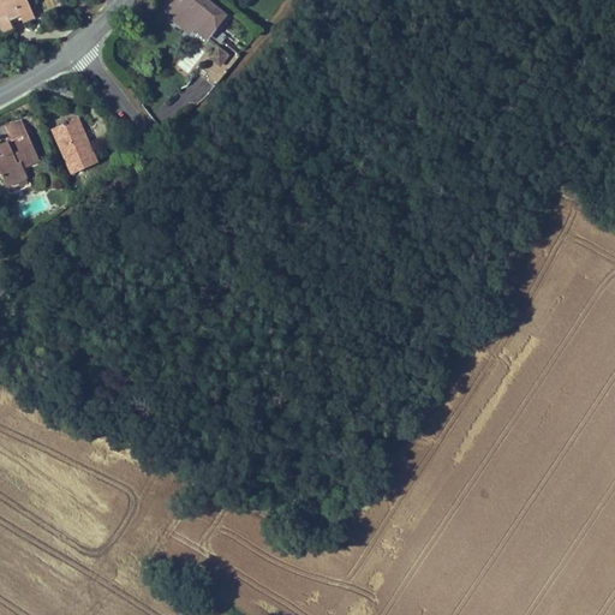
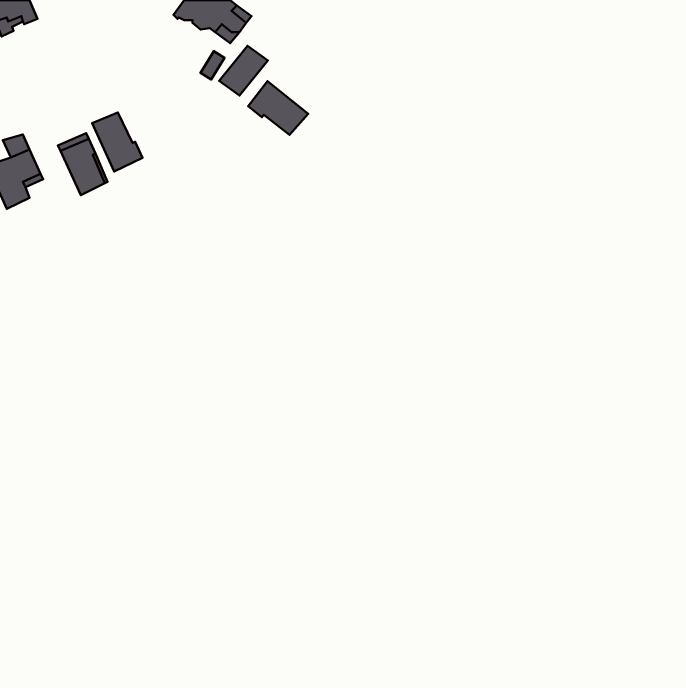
building: none -> [248,81,308,135]
building: none -> [92,113,143,172]

